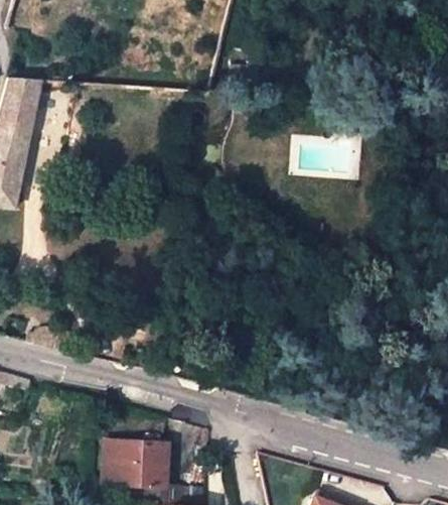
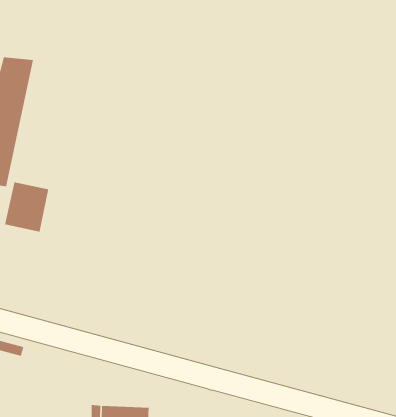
building: none -> [4,182,49,232]

